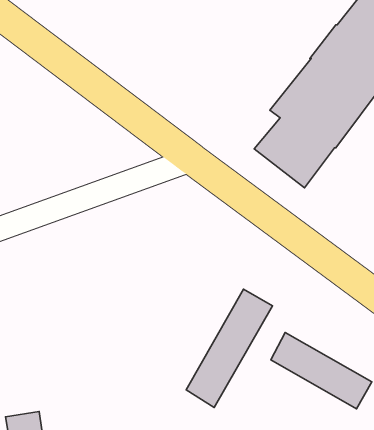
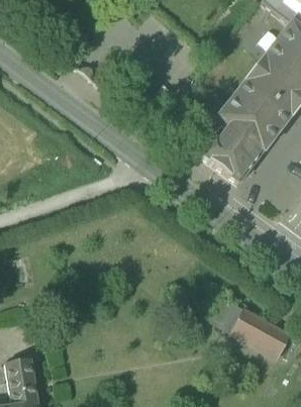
building: [186,289,273,407] -> none

